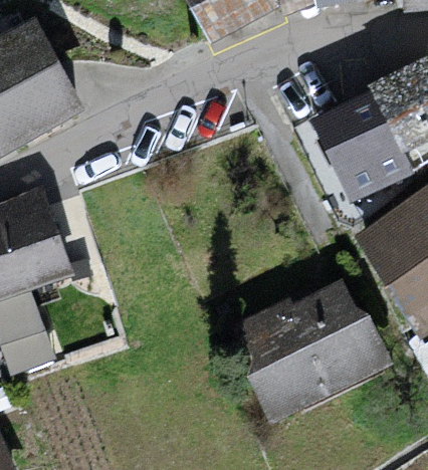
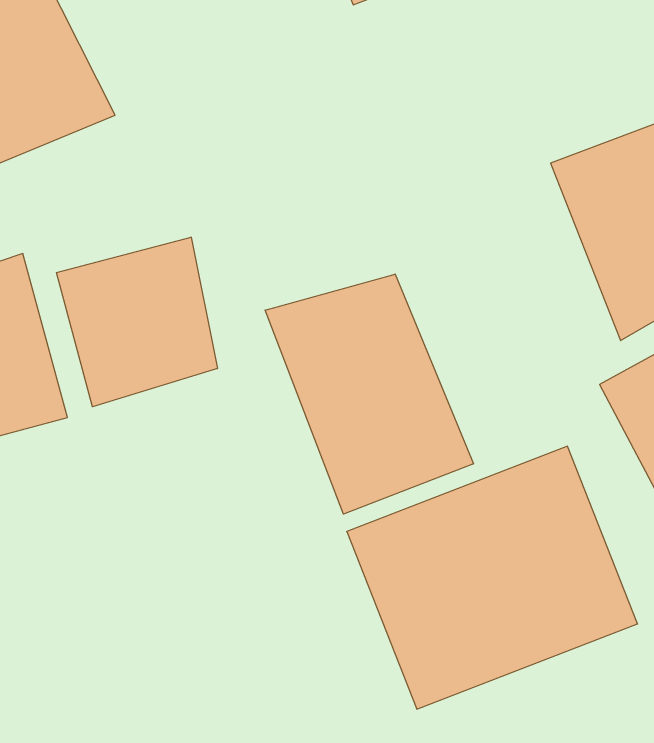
building: none -> [56,237,217,407]
building: none -> [265,274,473,514]

